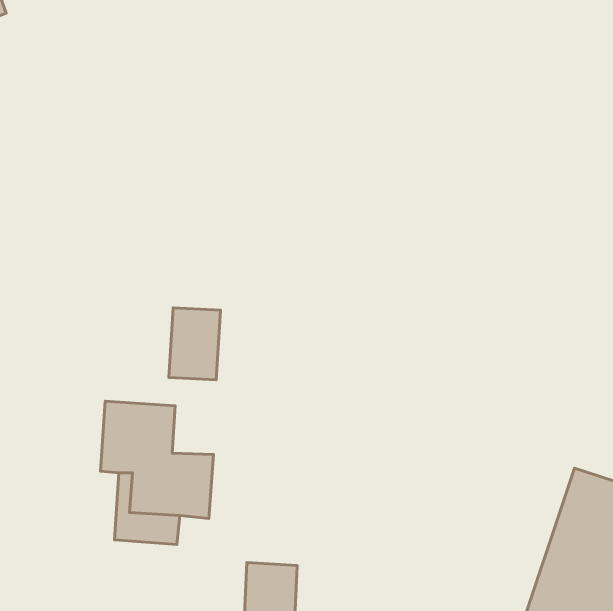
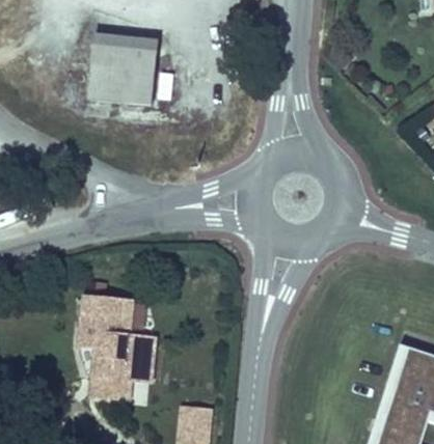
building: none -> [88,33,159,105]
building: [169,308,221,380] -> none

